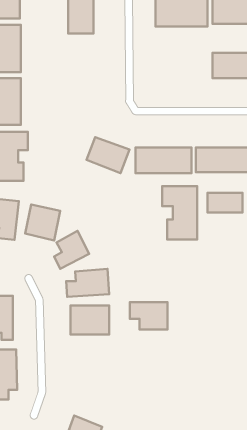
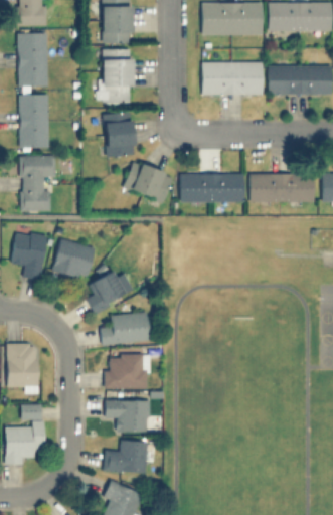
building: none -> [101,50,133,103]
building: none -> [202,62,263,96]
building: none -> [105,114,134,156]
building: [162,186,197,239] -> none
building: [207,193,243,212] -> none
building: [130,302,168,329] -> [106,400,149,432]
building: none -> [104,441,148,474]

